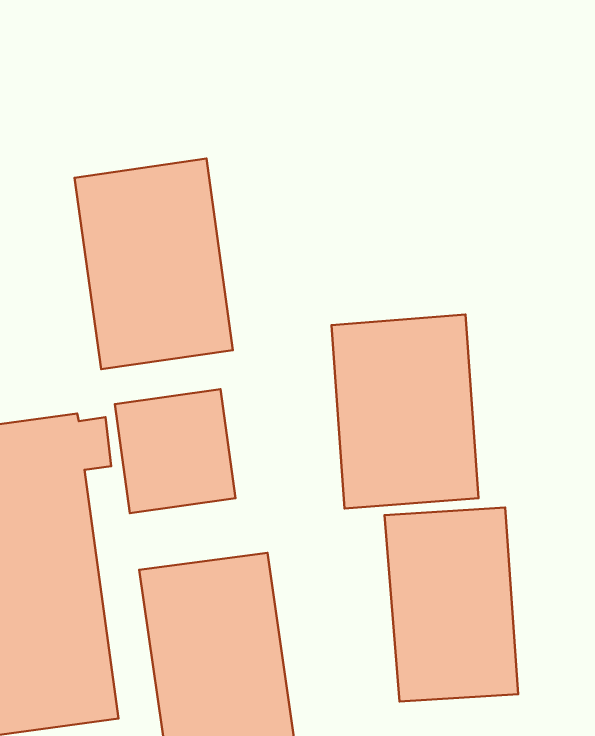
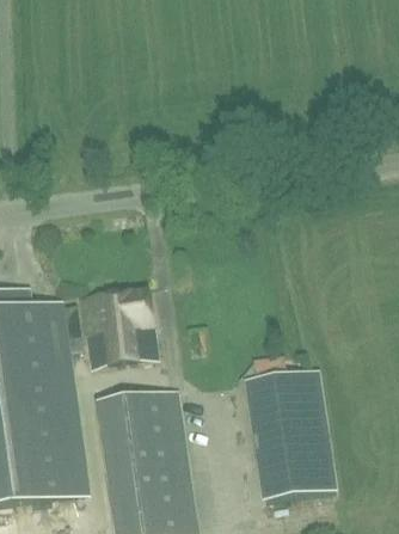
building: [75,158,233,369] -> none
building: [331,315,479,509] -> none

